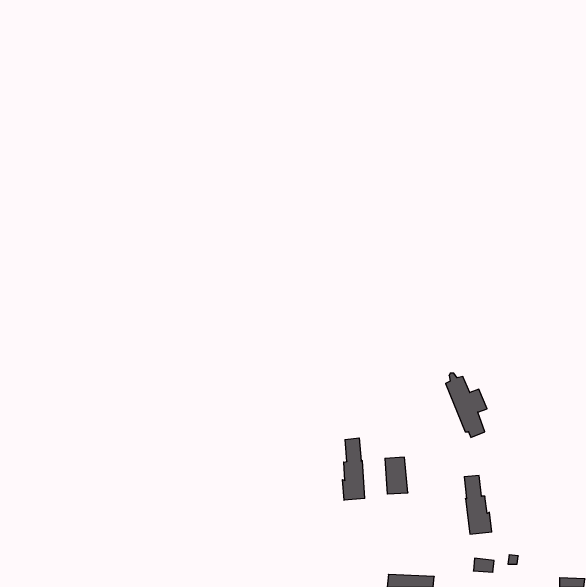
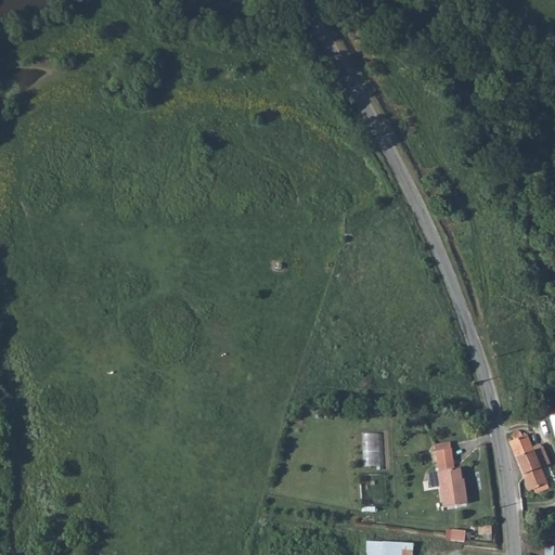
building: [446,373,487,437] -> [509,431,548,492]
building: [343,438,365,500] -> none

